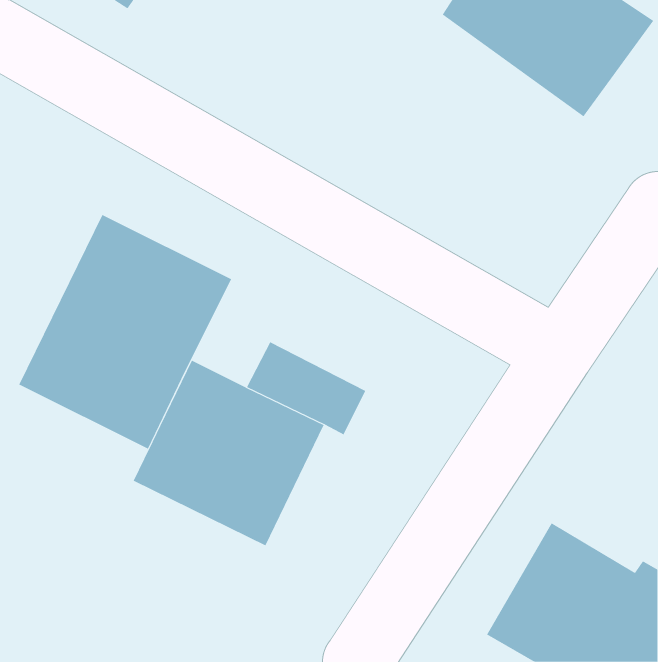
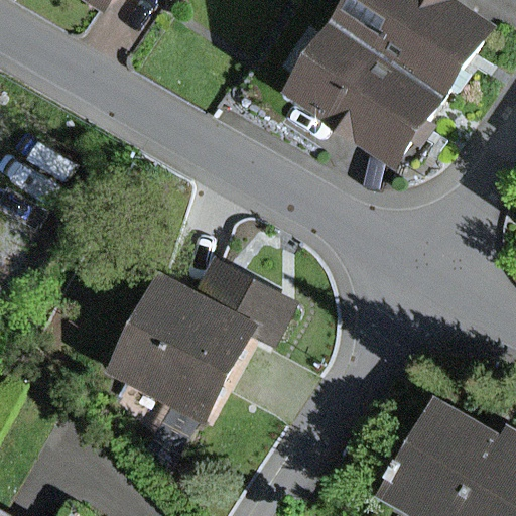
building: none -> [289,11,452,161]
building: [19,214,232,449] -> none

